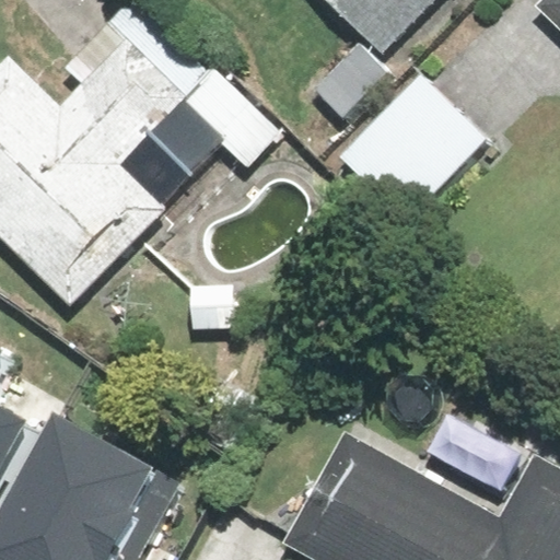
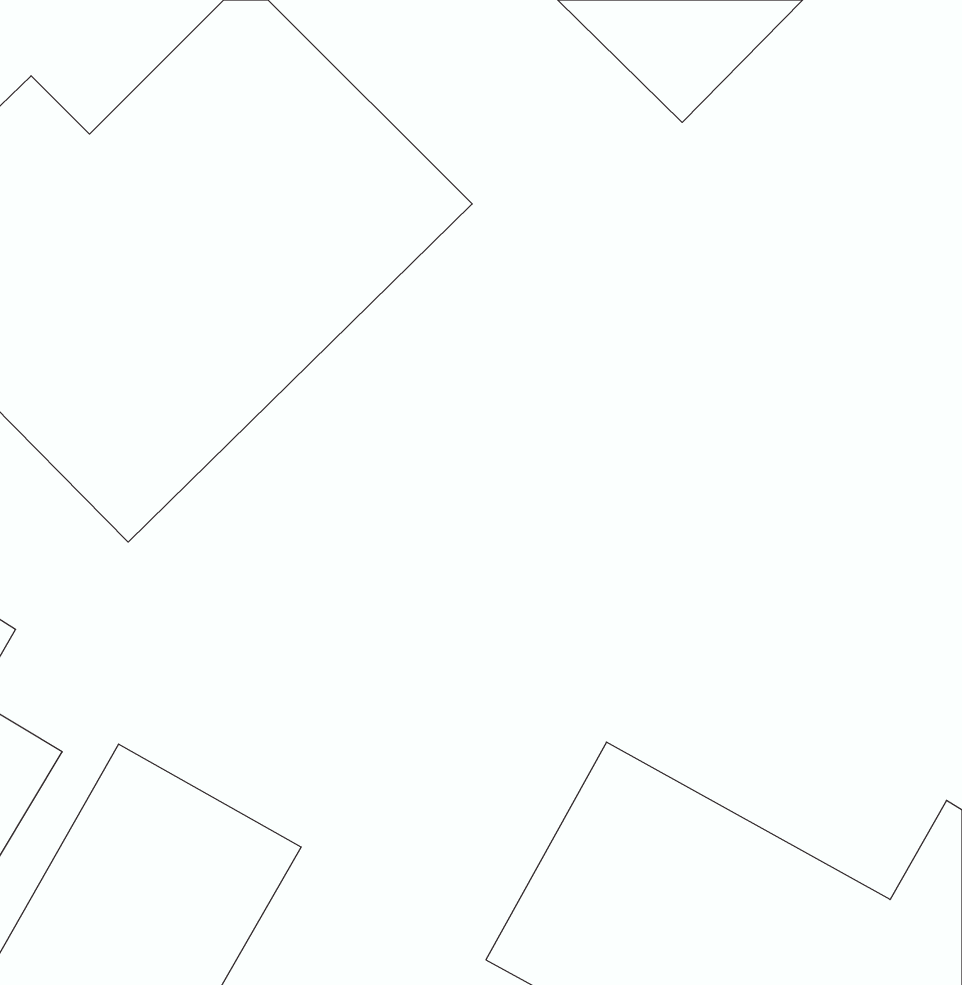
building: [336,70,492,225] -> none

